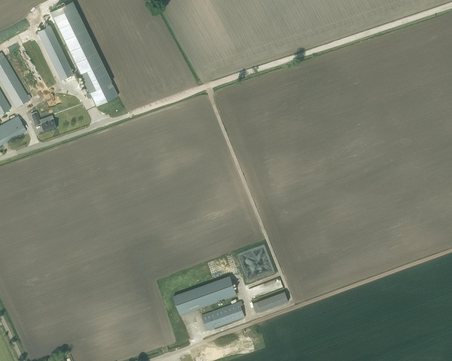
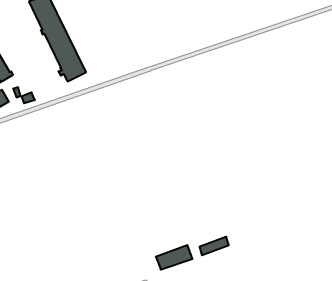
building: [37,24,74,80] -> none
building: [173,275,236,314] -> none

